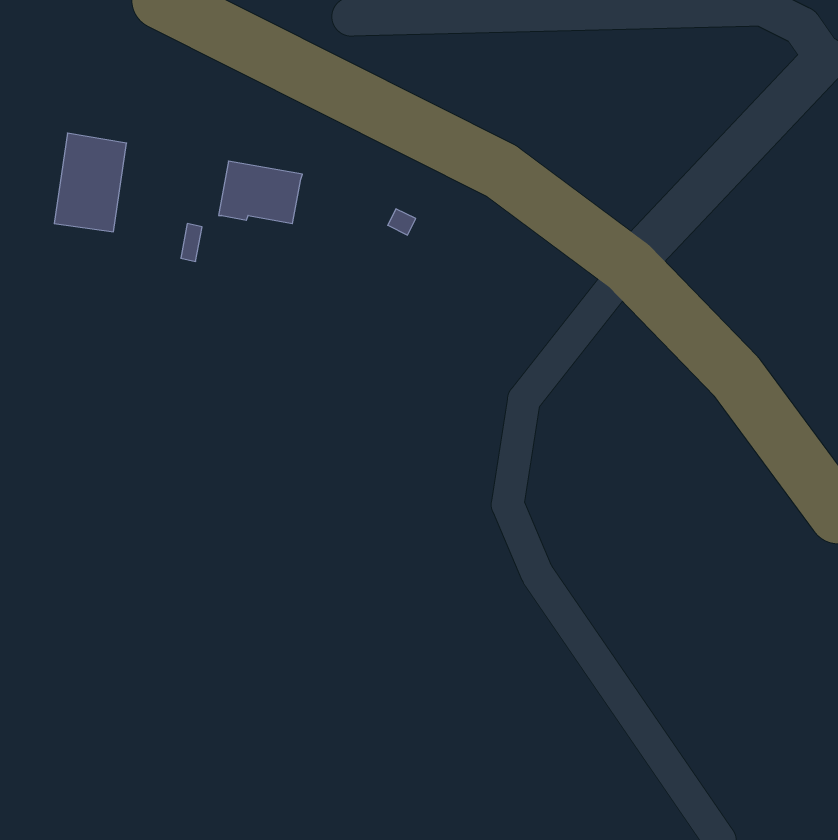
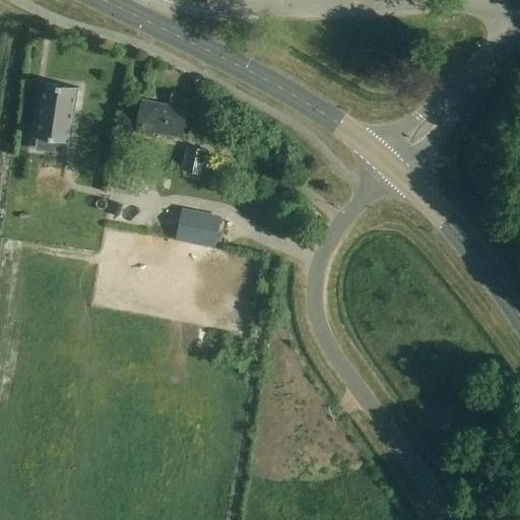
building: none -> [182,148,208,175]
building: none -> [175,208,220,247]

